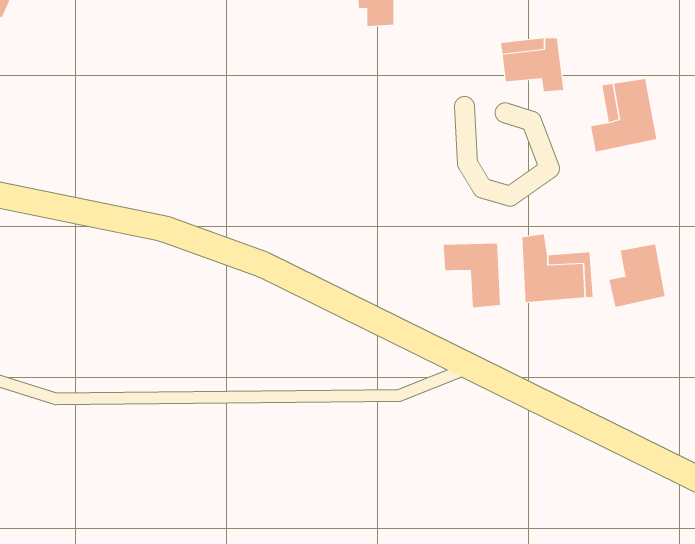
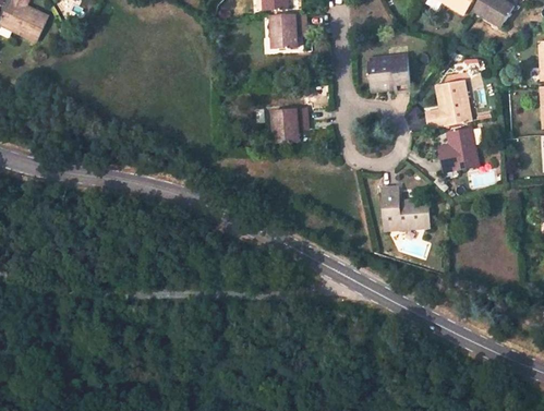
building: none -> [271,108,307,141]
building: [443,243,501,308] -> none
building: [608,244,666,308] -> [439,128,477,170]

